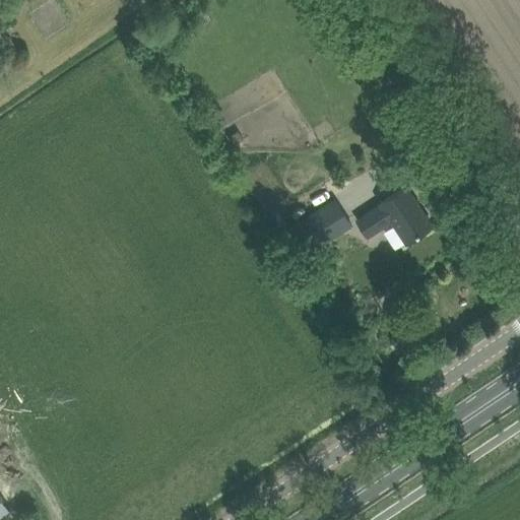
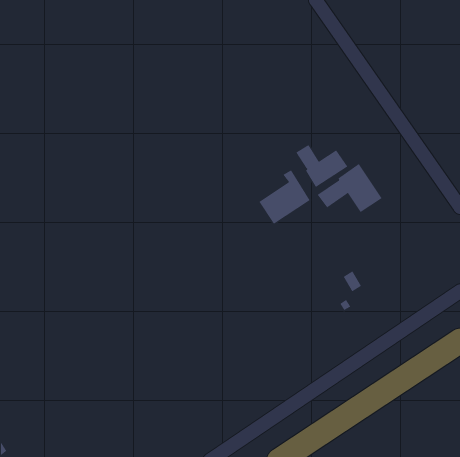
building: none -> [295,144,348,188]

